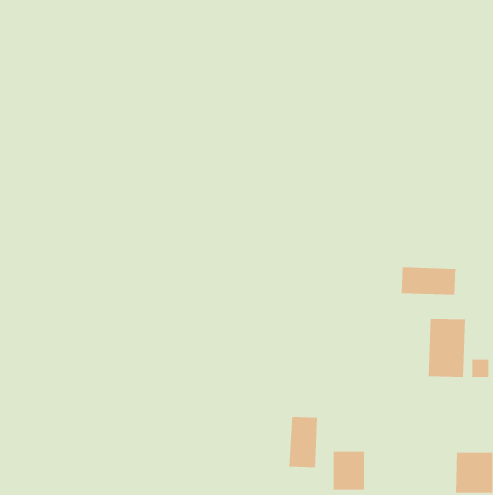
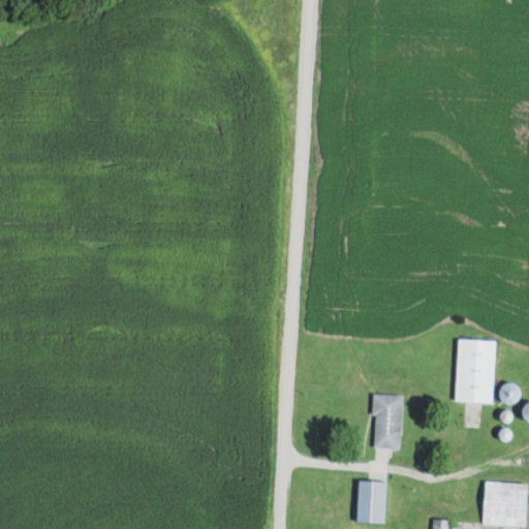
building: [401,267,456,296] -> none
building: [289,416,318,468] -> [372,395,403,449]

